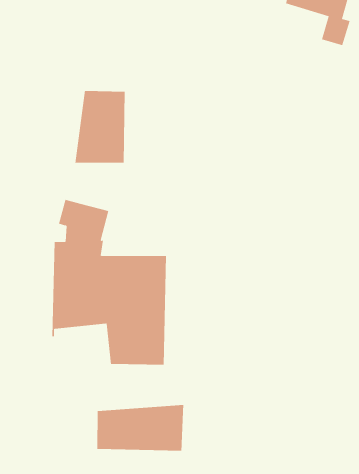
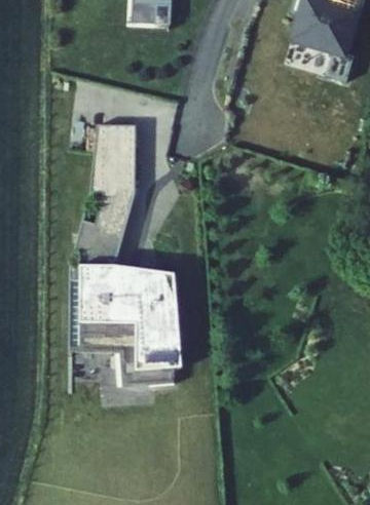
building: none -> [98,189,139,262]
building: [97,404,184,451] -> none

